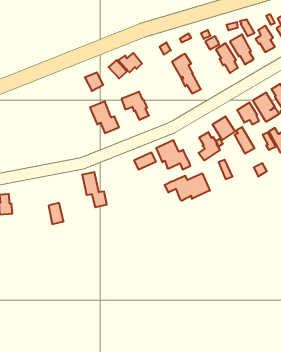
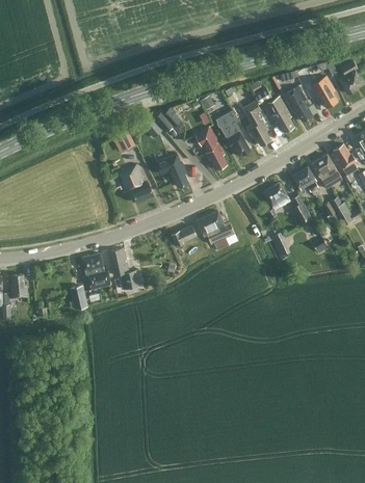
building: none -> [243,101,270,145]
building: none -> [194,127,227,169]
building: [198,132,220,160] -> none
building: [165,173,210,201] -> none
building: none -> [81,253,110,290]

